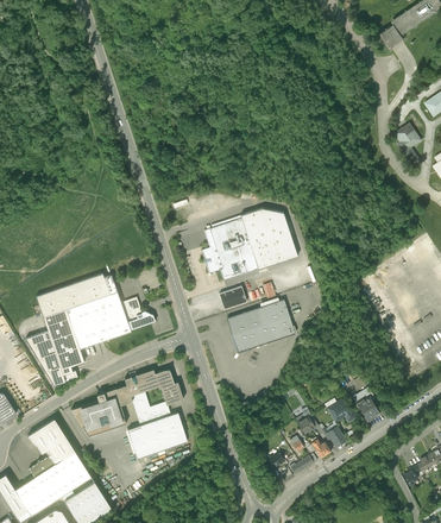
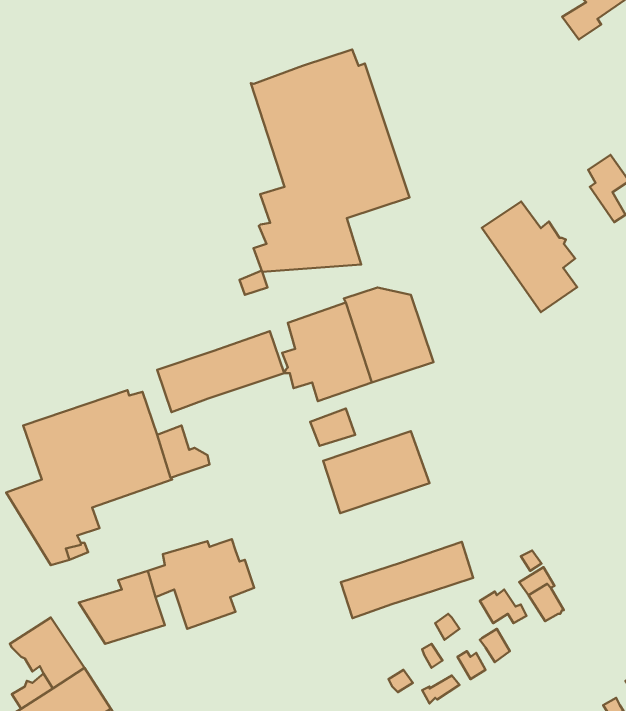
building: none -> [251,50,410,272]
building: none -> [482,202,577,312]
building: none -> [157,331,284,412]
building: none -> [341,542,473,618]
building: [127,412,188,459] -> none

